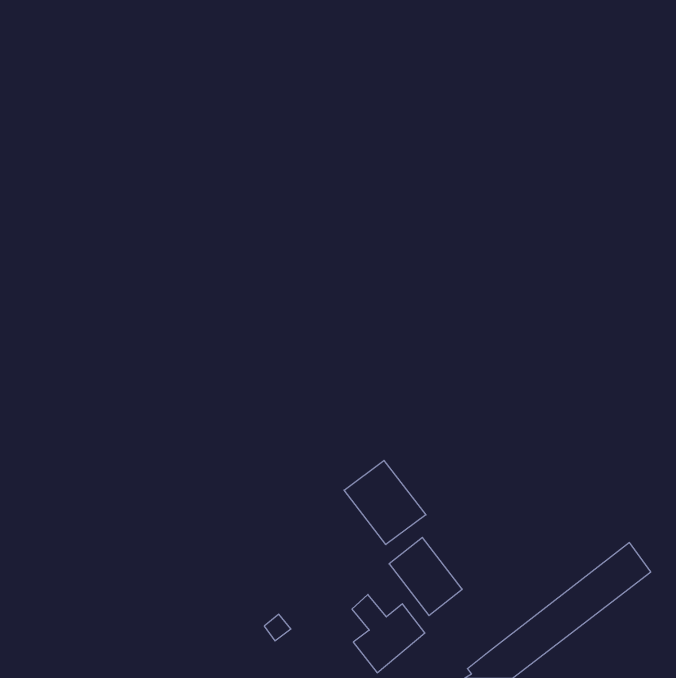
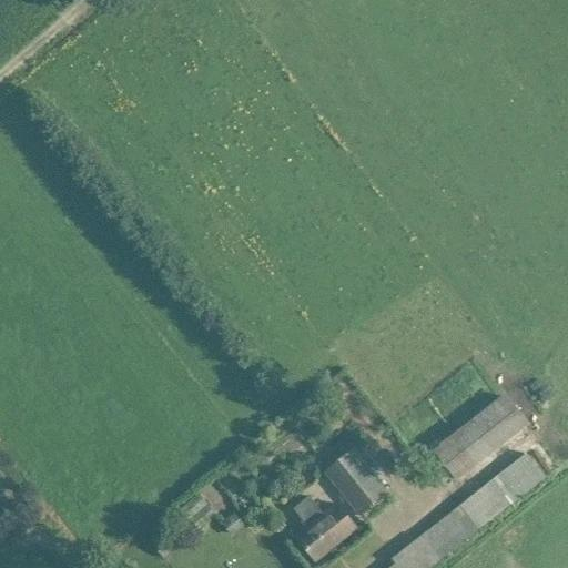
building: [344,460,426,545] -> none
building: none -> [434,395,526,478]

